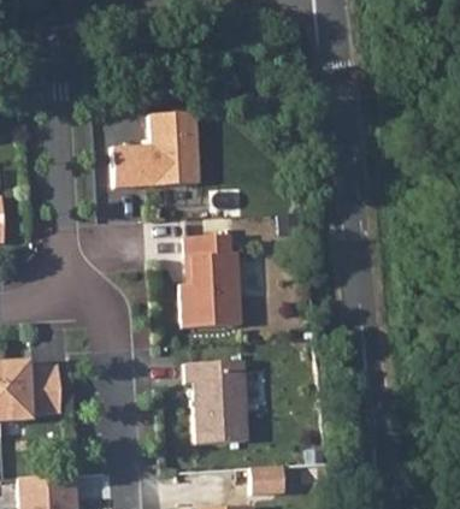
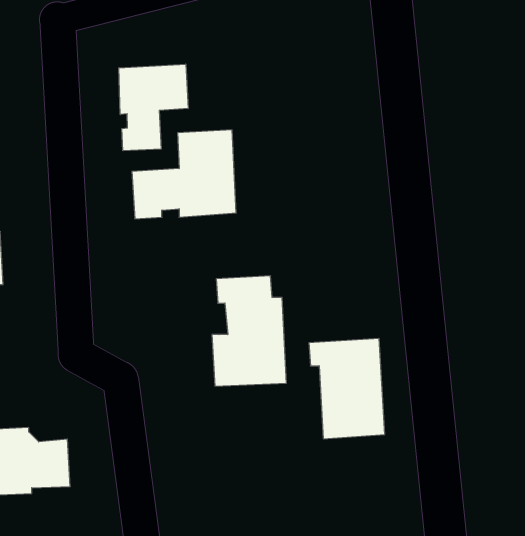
building: none -> [119,64,188,151]
building: [184,361,248,445] -> [309,338,385,439]

